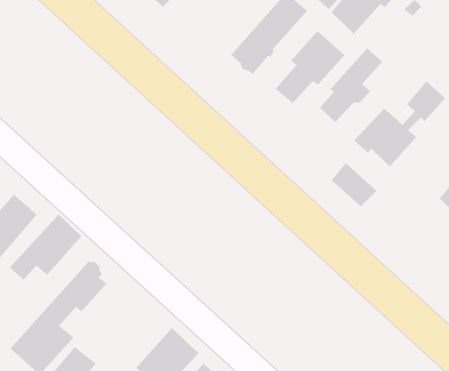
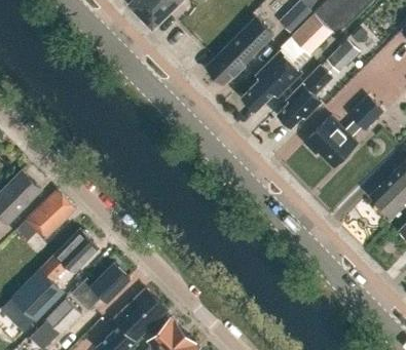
building: none -> [325,41,359,75]
building: [331,162,377,207] -> none
building: none -> [73,264,128,309]

